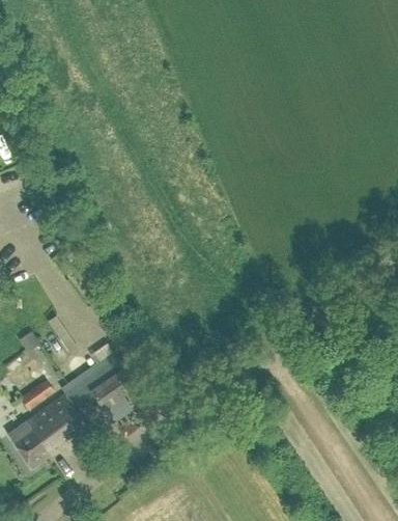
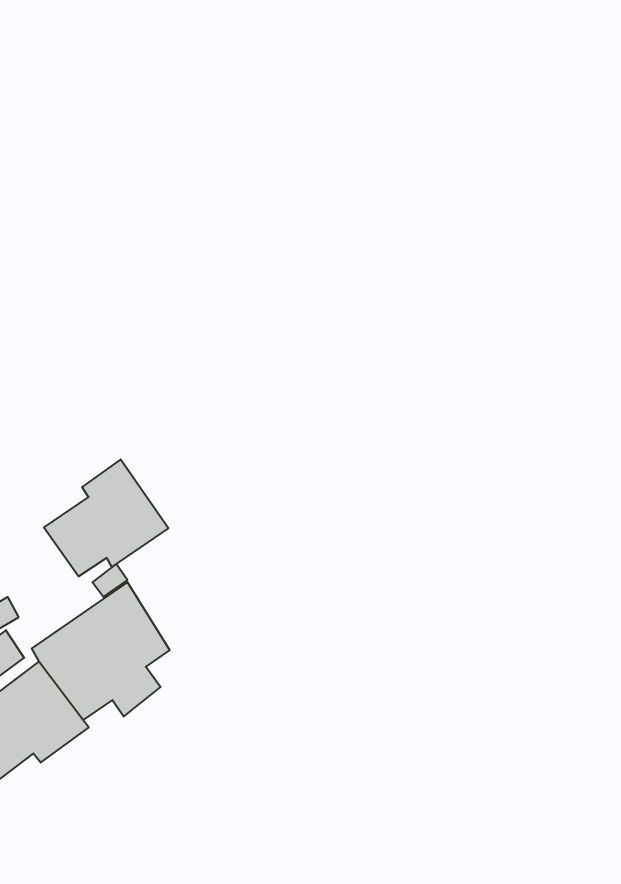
building: none -> [44,459,168,576]

